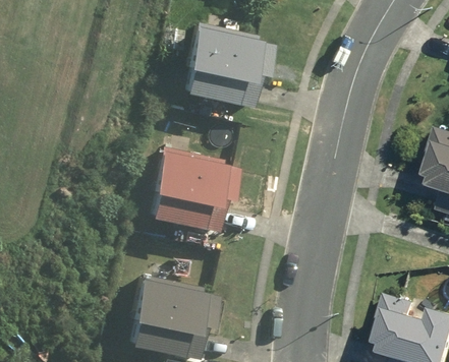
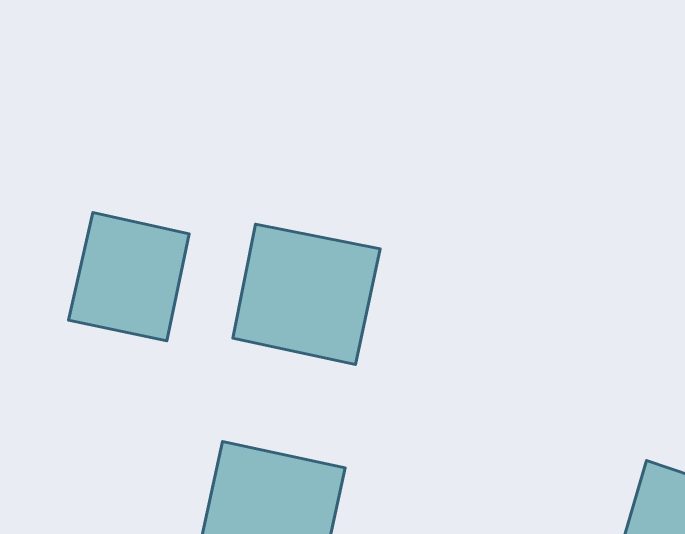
building: [183,27,268,109] -> none
building: none -> [68,212,189,341]

